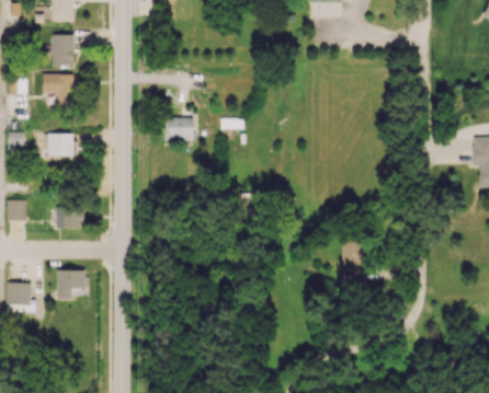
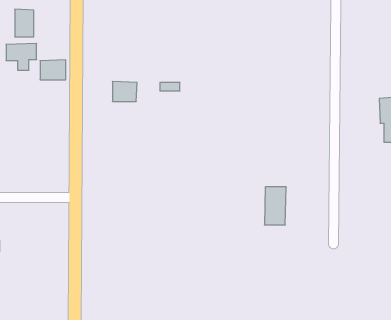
building: [45,132,75,155] -> [40,60,66,80]
building: [55,207,83,228] -> none
building: [55,270,86,299] -> none

